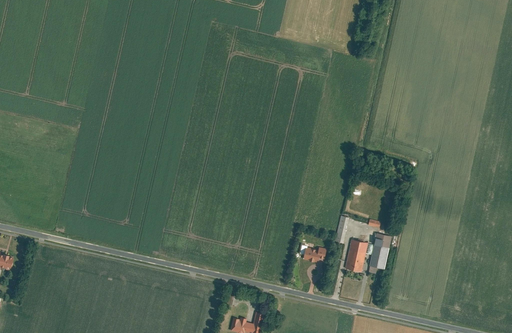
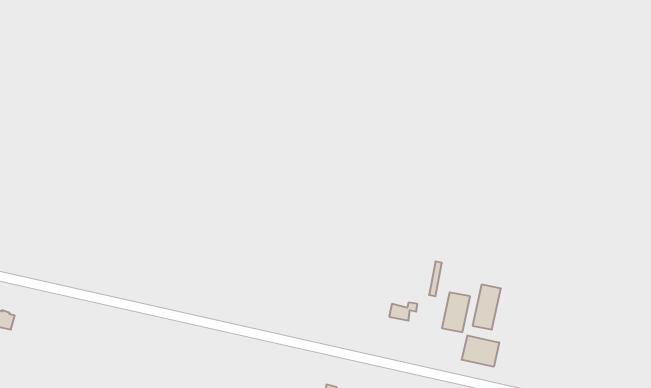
building: none -> [462,335,499,367]

